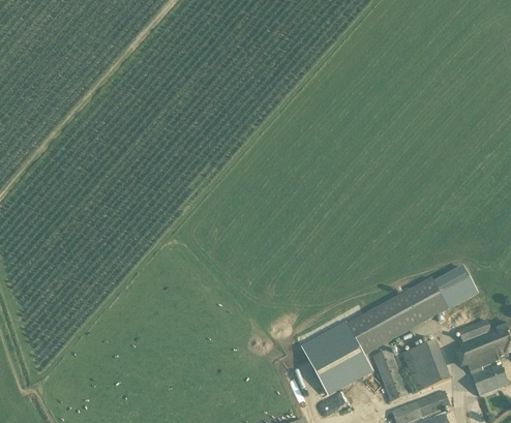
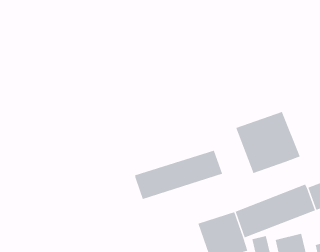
building: none -> [235,111,300,174]
building: none -> [135,150,223,200]

